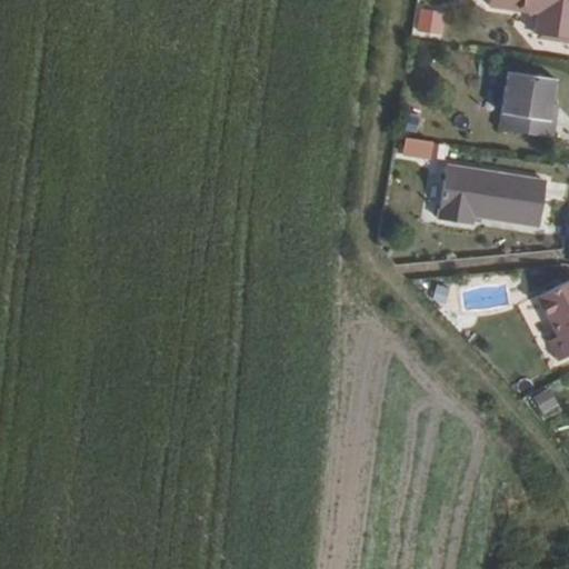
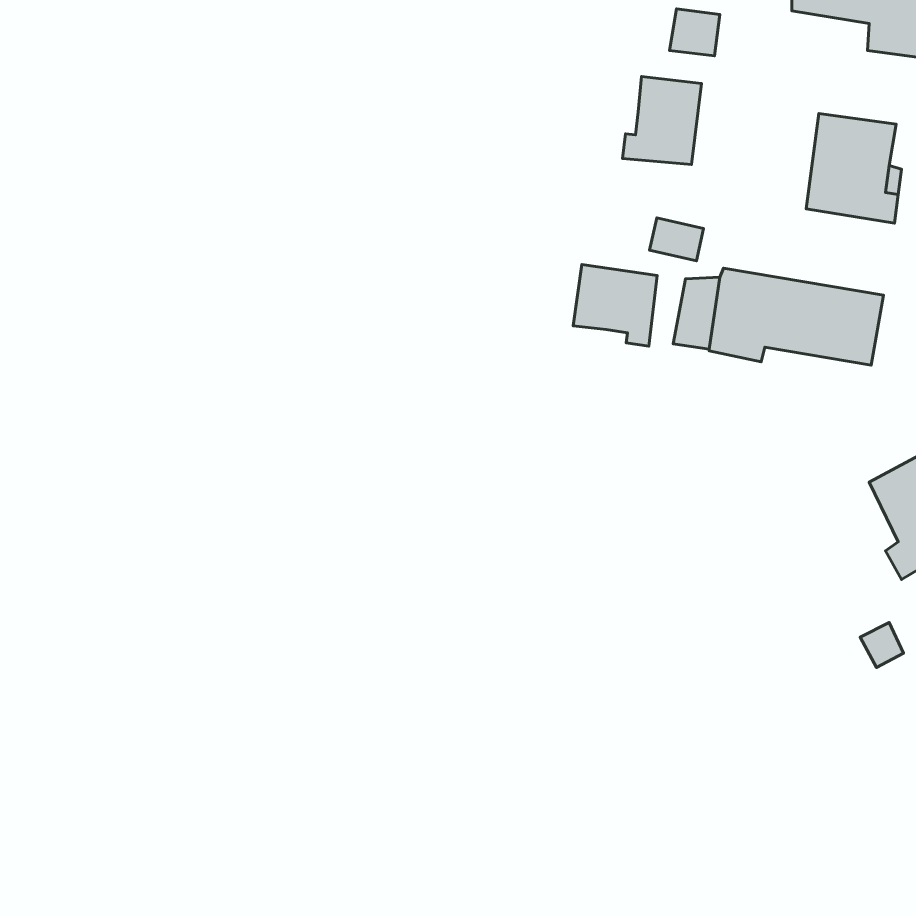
building: none -> [622,76,702,165]
building: none -> [573,264,657,346]

